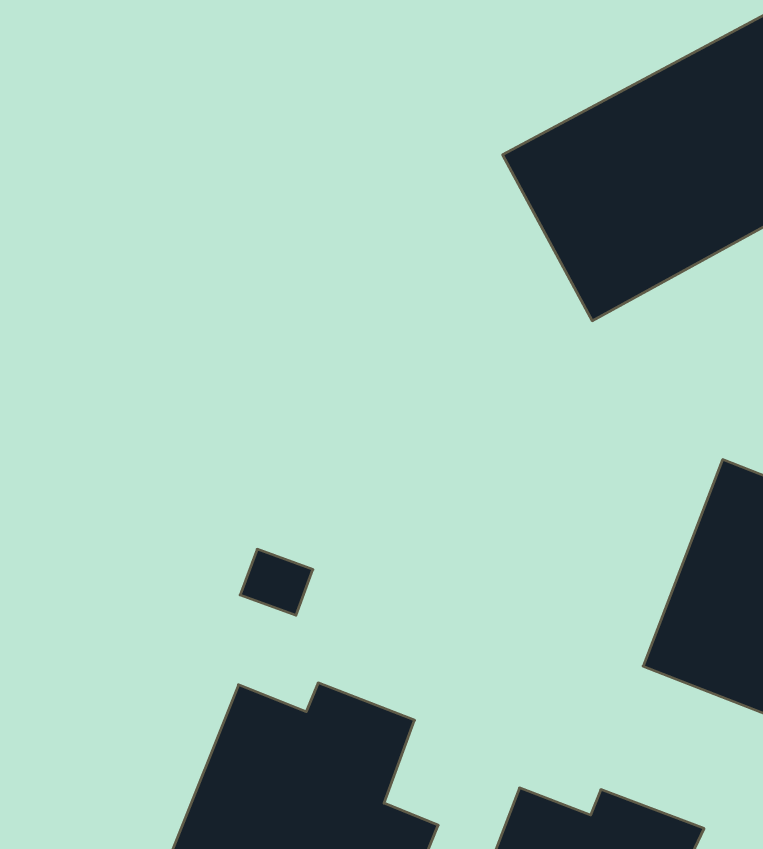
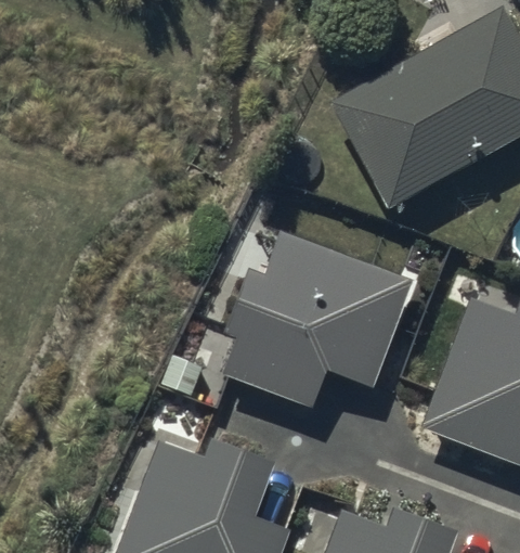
building: none -> [223,233,411,407]

